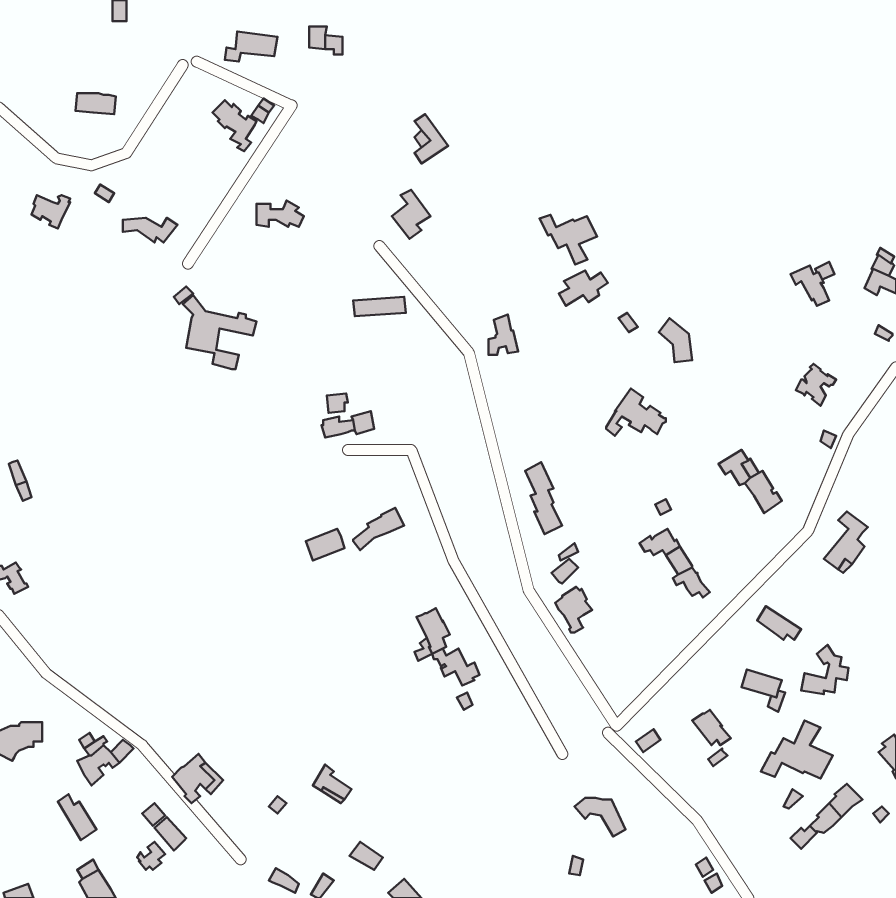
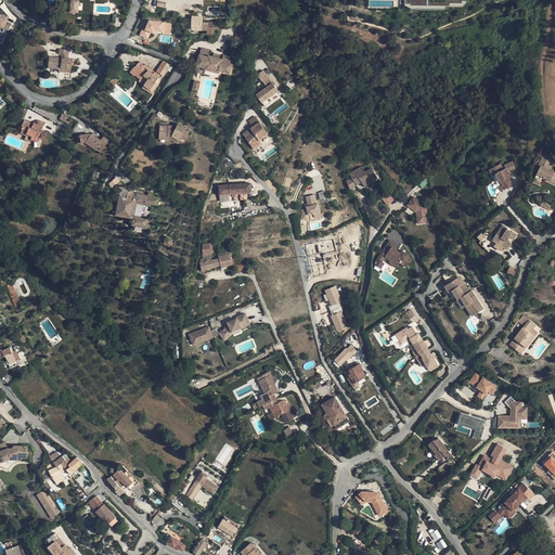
building: none -> [195,48,231,74]
building: [539,215,597,265] -> none
building: none -> [321,397,348,428]

